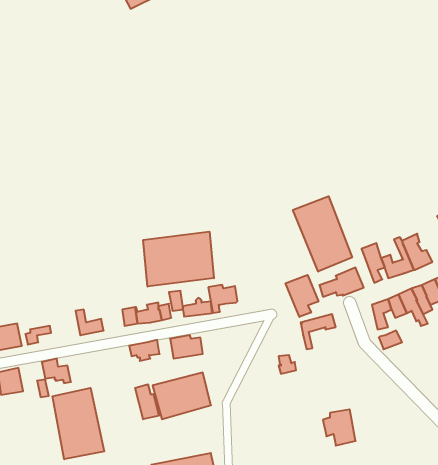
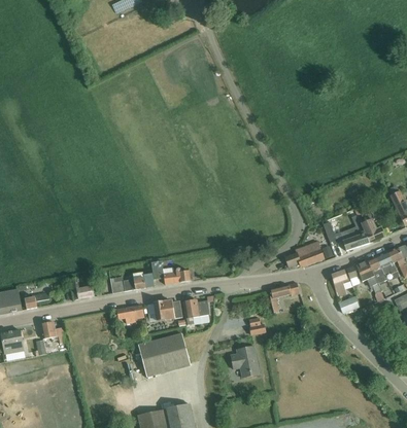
building: [293,196,352,272] -> none
building: [143,232,214,287] -> none
building: [286,275,318,317] -> none
building: [208,285,237,313] -> [183,299,209,324]
building: [135,384,159,419] -> none
building: [52,388,104,459] -> none
building: [323,409,356,446] -> [231,346,260,378]

